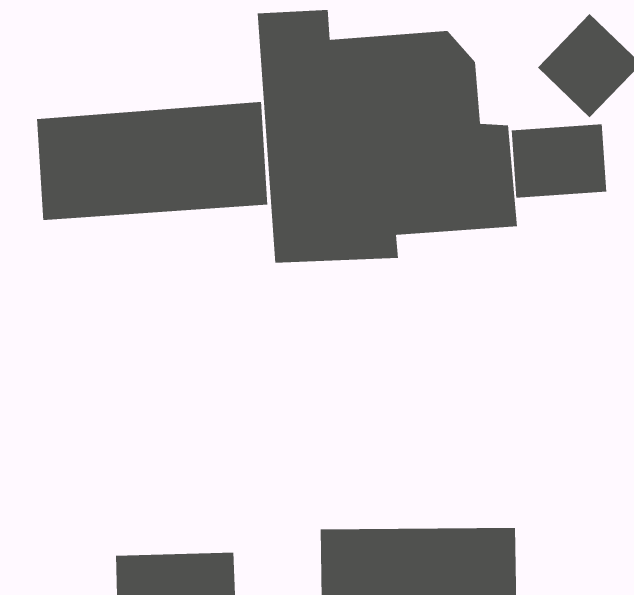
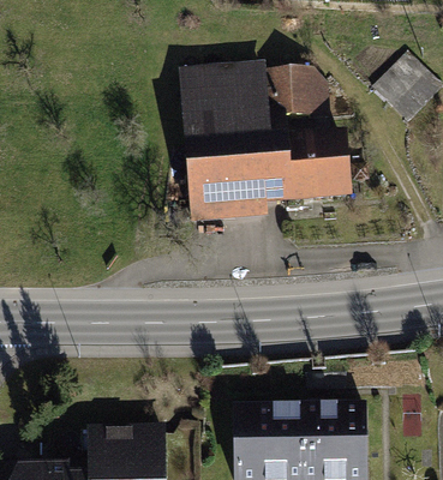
building: [37,101,268,221] -> none
building: [511,124,607,198] -> none

